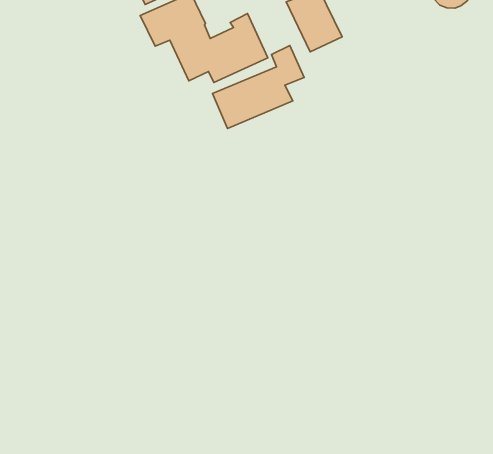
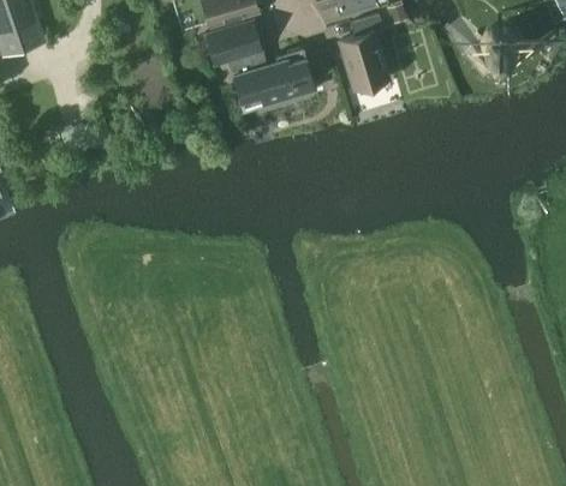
building: [212,45,304,129] -> none

